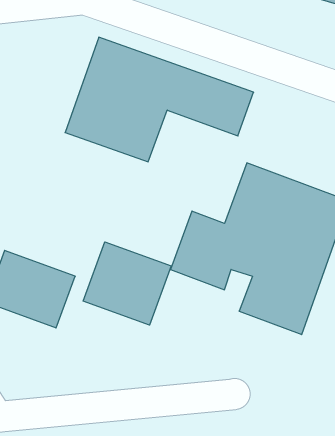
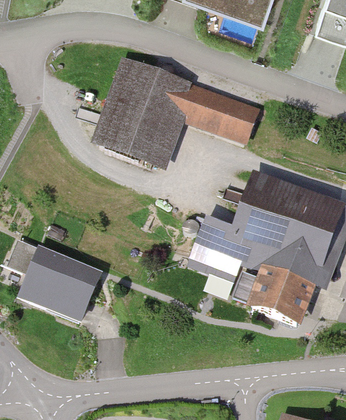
building: [83,242,171,325] -> none

